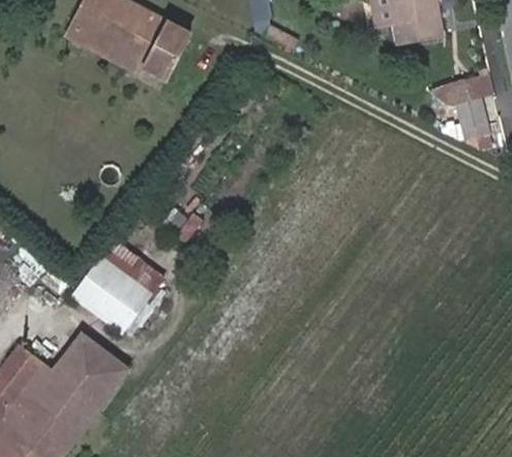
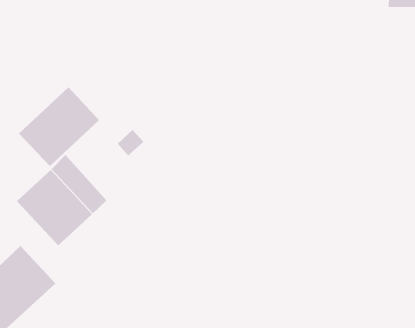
building: none -> [18,87,100,167]

